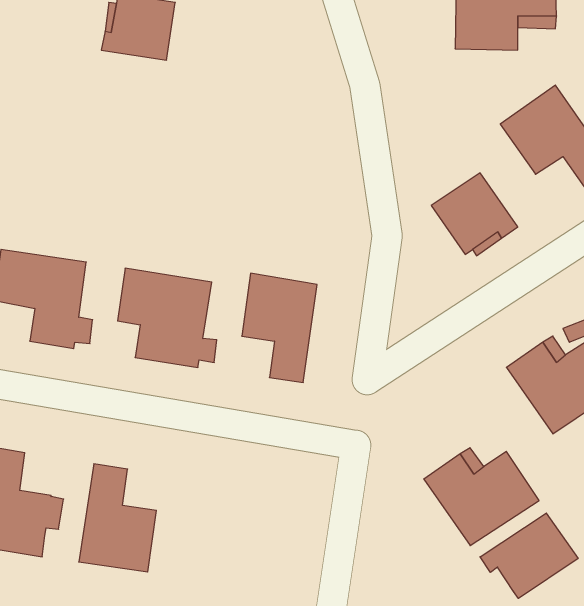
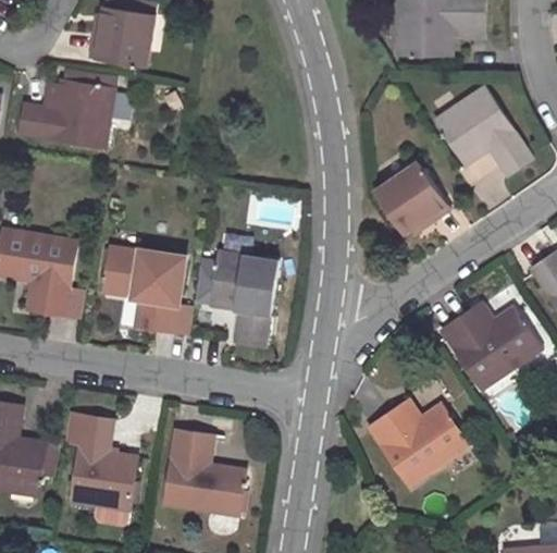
building: none -> [20,69,114,146]
building: none -> [164,429,245,515]
building: [480,513,578,598] -> none

